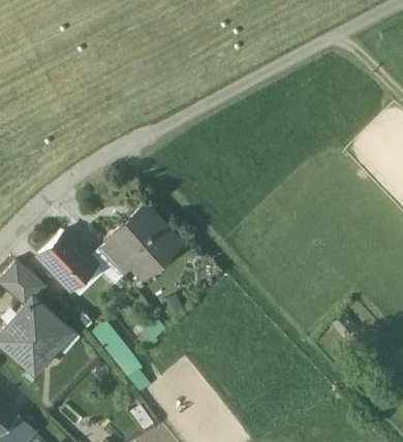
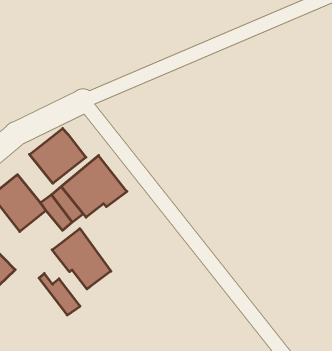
building: none -> [29,128,86,183]
building: none -> [52,229,111,289]

